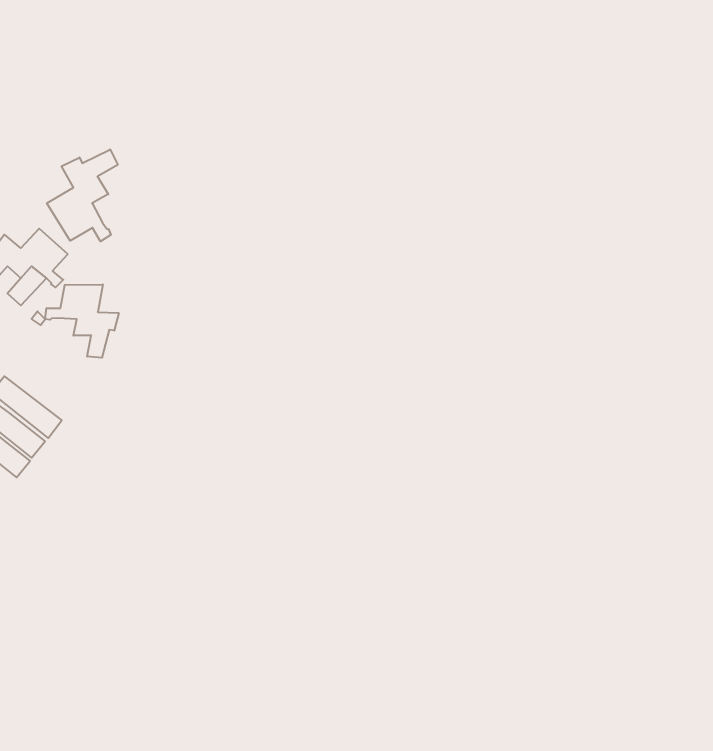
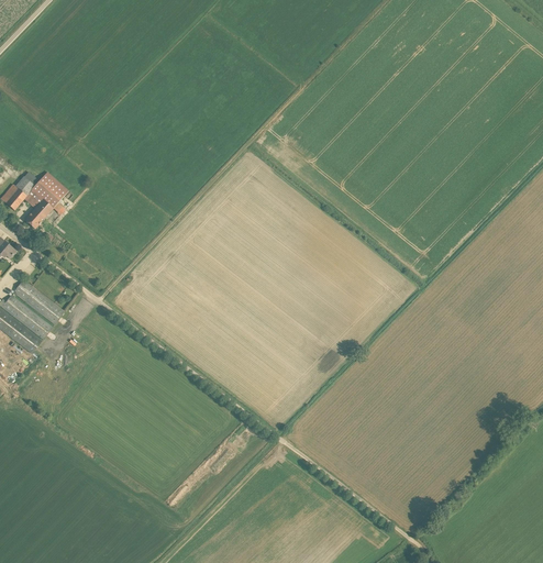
building: [47,149,118,241] -> none
building: [45,284,119,358] -> none

